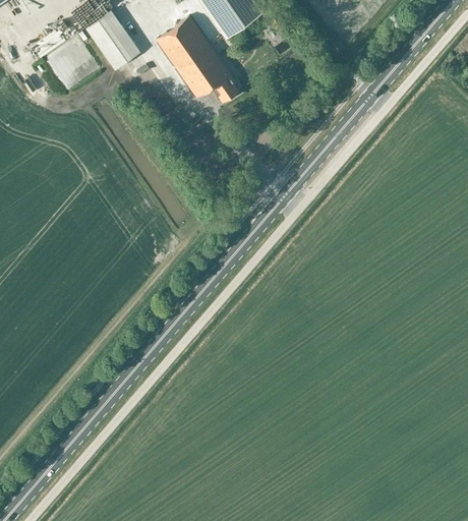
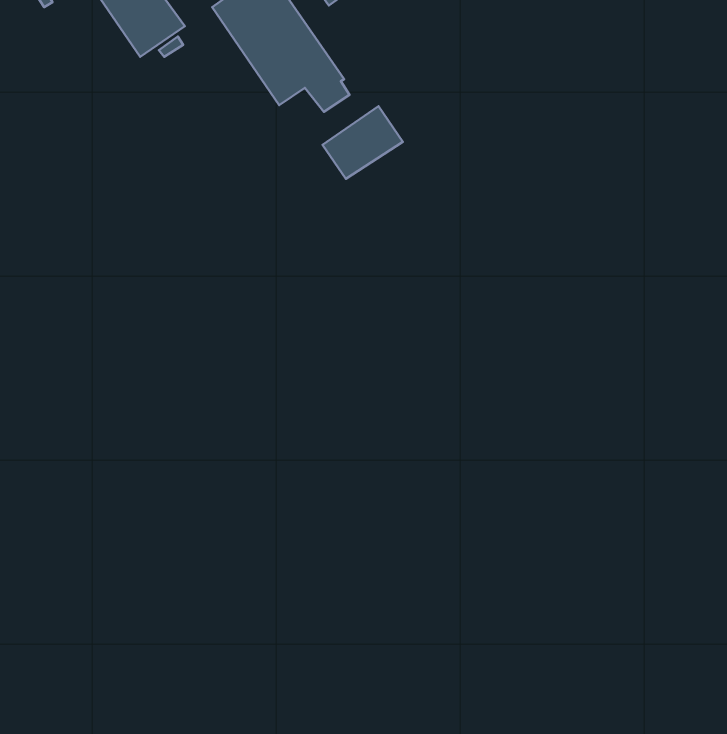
building: none -> [322,106,403,179]

